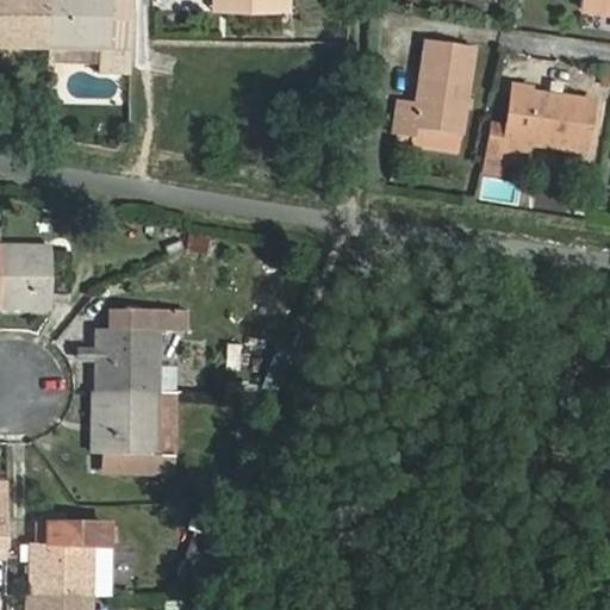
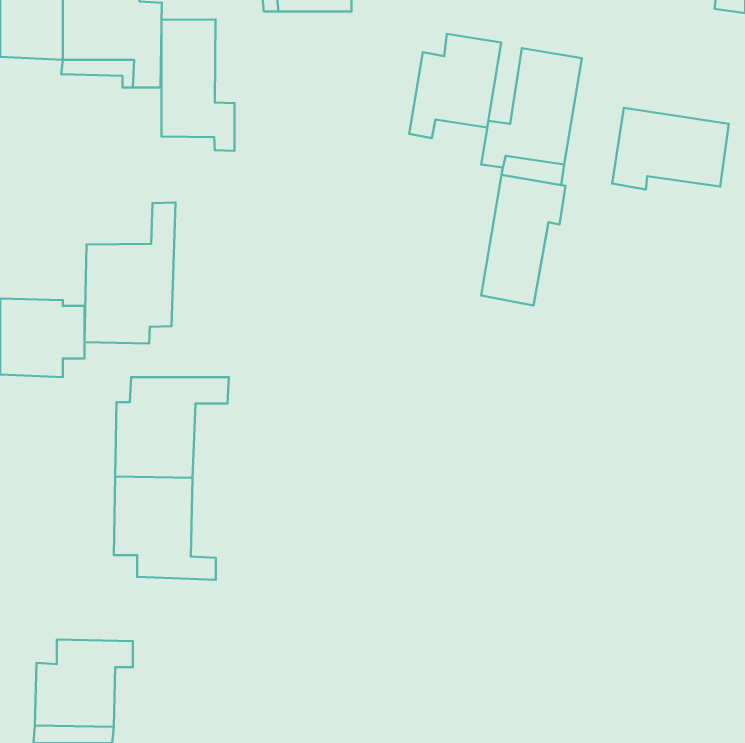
building: none -> [162,19,235,151]
building: none -> [409,34,501,138]
building: none -> [481,175,566,306]
building: none -> [85,202,175,343]

